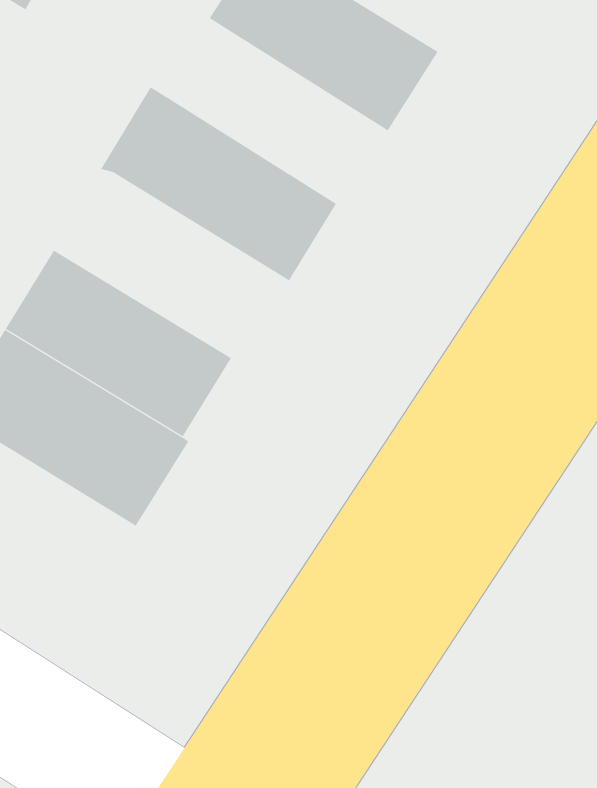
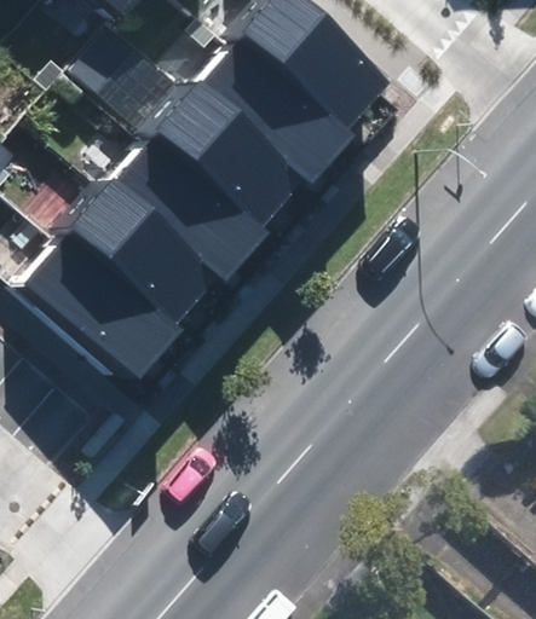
building: none -> [192,34,356,184]
building: none -> [106,133,270,283]

